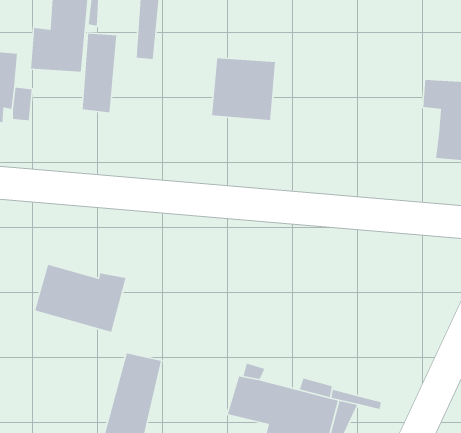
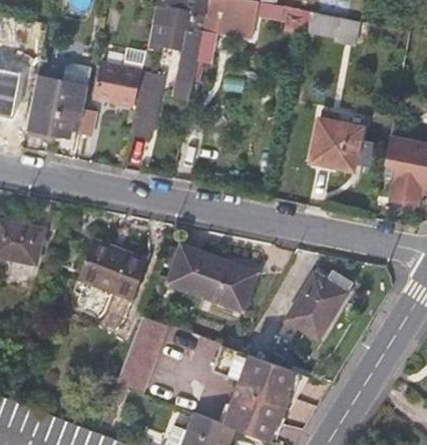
building: [211,58,276,121] -> [310,119,363,171]
building: none -> [168,246,256,310]
building: none -> [277,271,354,341]

